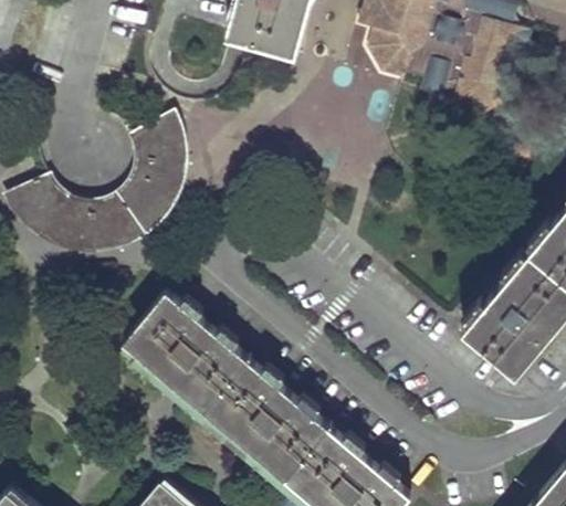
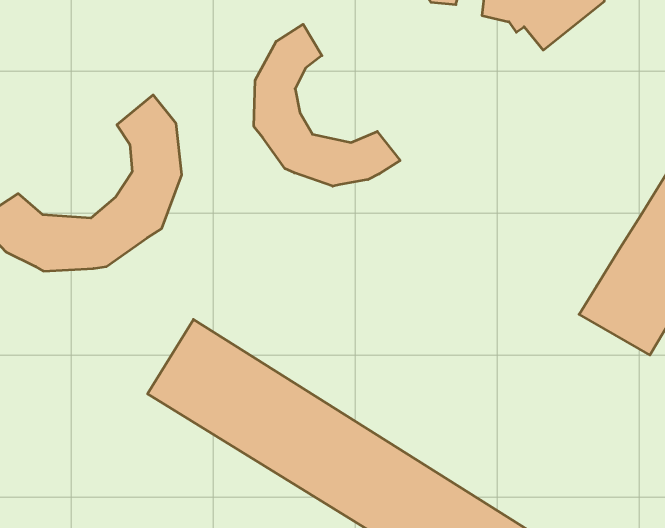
building: none -> [254,24,400,186]

